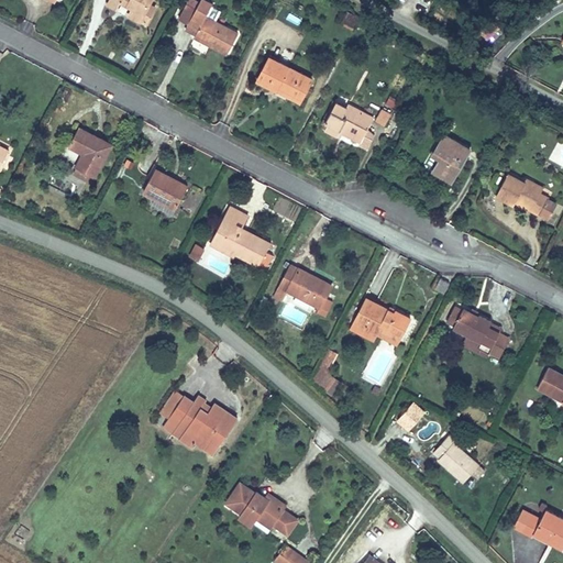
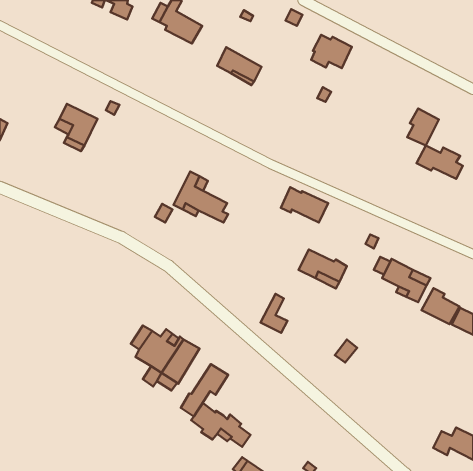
building: [327,101,375,141] -> [311,35,352,68]
building: [431,137,468,181] -> [407,108,439,146]
building: [144,168,189,217] -> none
building: [275,269,331,311] -> [281,187,328,223]
building: none -> [422,288,459,324]
building: none -> [181,364,228,416]
building: [431,435,482,484] -> none

